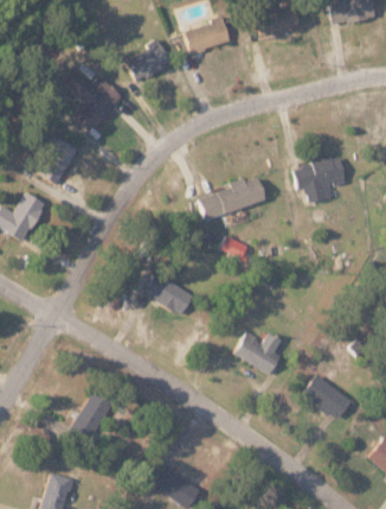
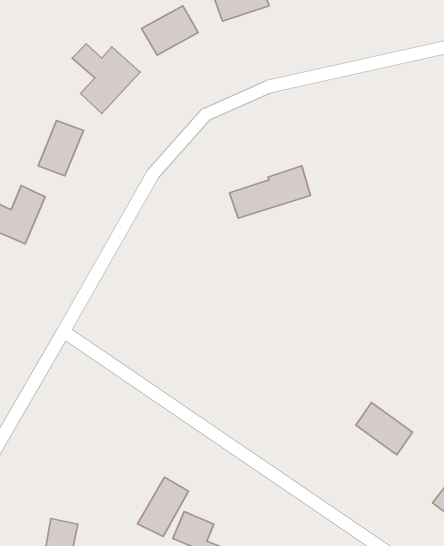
building: [294,159,347,204] -> none
building: [144,275,194,316] -> none
building: [236,331,284,375] -> none
building: [71,389,114,439] -> [138,477,189,537]

